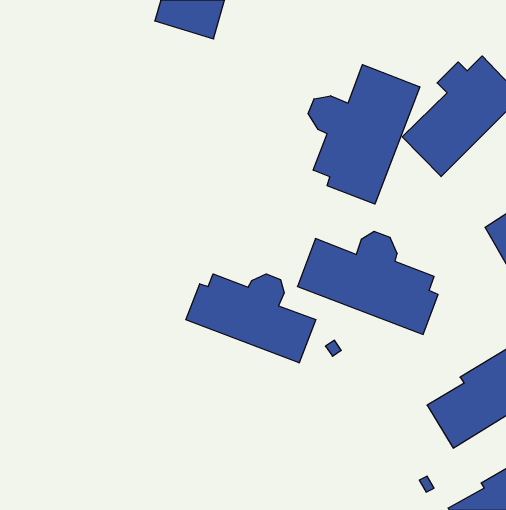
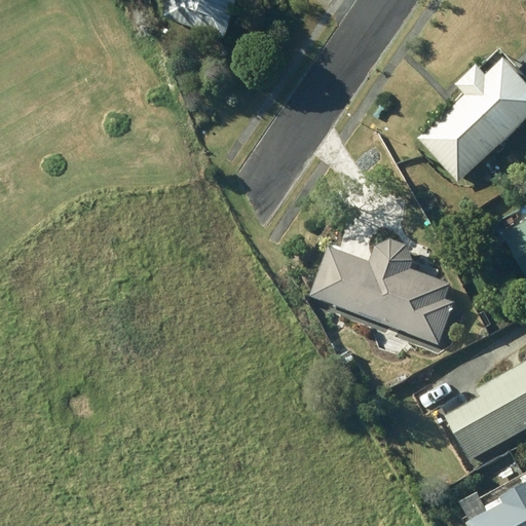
building: [308,65,420,204] -> none
building: [186,274,316,363] -> none

